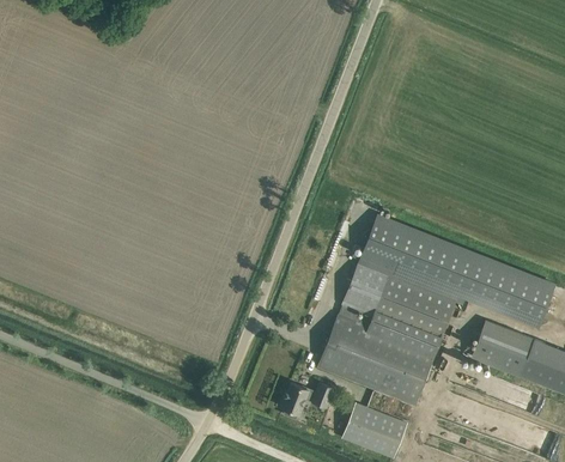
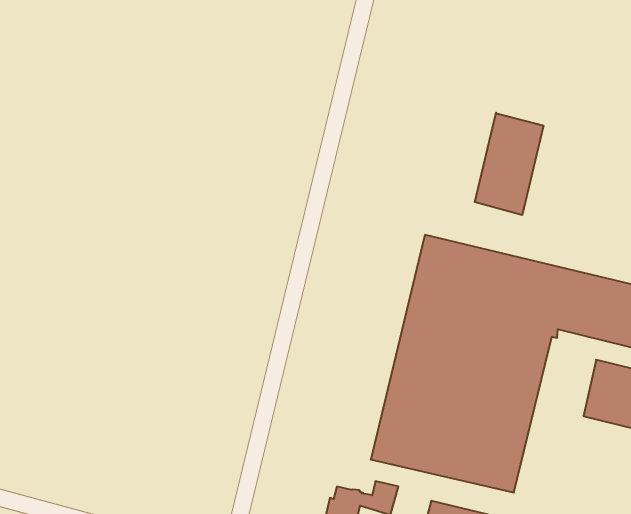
building: none -> [475,113,544,215]

